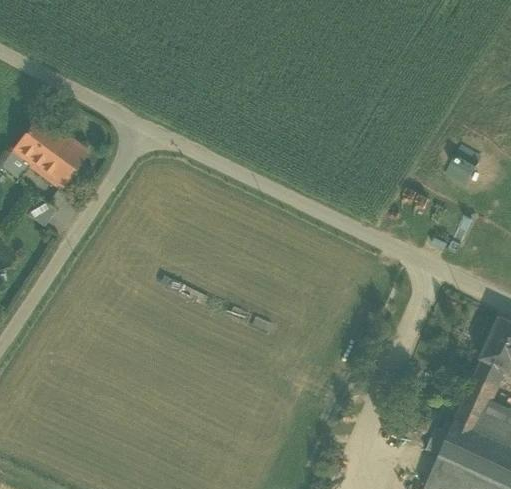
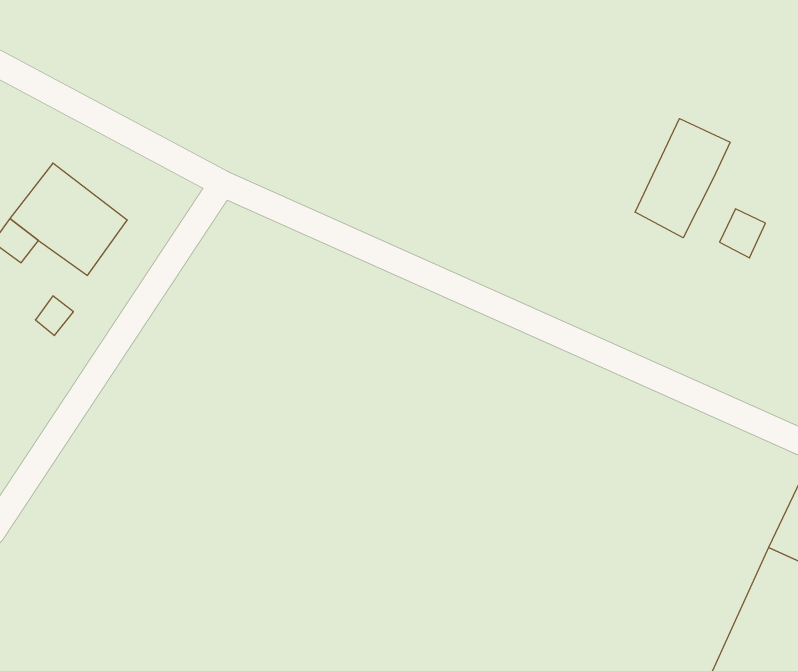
building: none -> [635,119,730,238]

